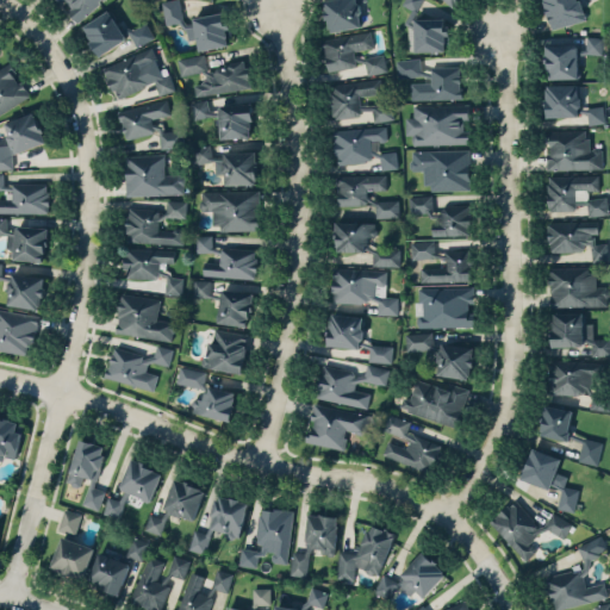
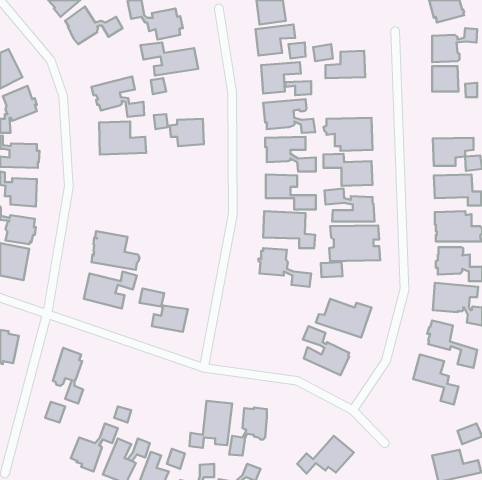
building: [413,19,447,54] -> none
building: [104,49,175,100] -> none
building: [219,105,251,139] -> none
building: [406,106,469,147] -> none
building: [544,131,603,172] -> none
building: [199,192,260,232] -> none
building: [125,201,187,245] -> none
building: [195,236,257,281] -> none
building: [123,248,182,298] -> none
building: [192,282,254,329] -> none
building: [205,330,248,374] -> none
building: [437,344,473,380] -> none
building: [315,366,390,410] -> none
building: [306,405,368,450] -> none
building: [104,462,160,519] -> none
building: [163,480,205,522] -> none
building: [189,499,248,556] -> none
building: [490,502,574,564] -> none
building: [337,528,397,583] -> none
building: [51,537,94,581] -> none

